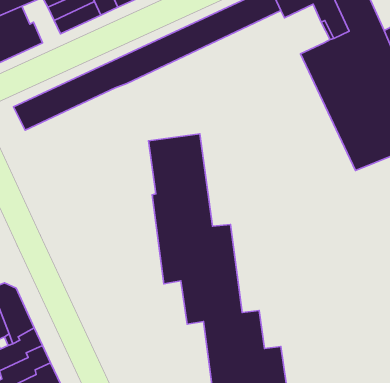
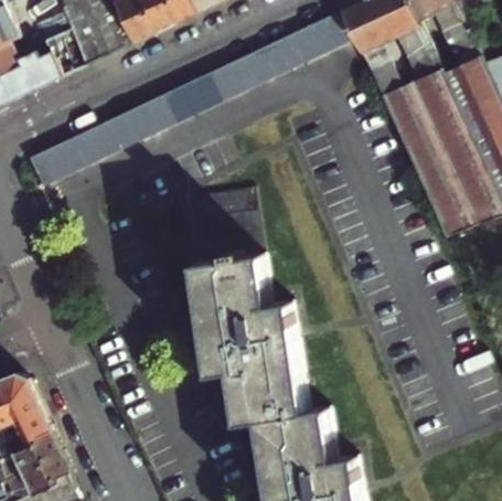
building: none -> [357,34,406,92]

